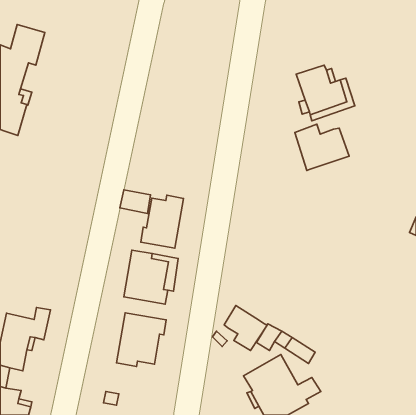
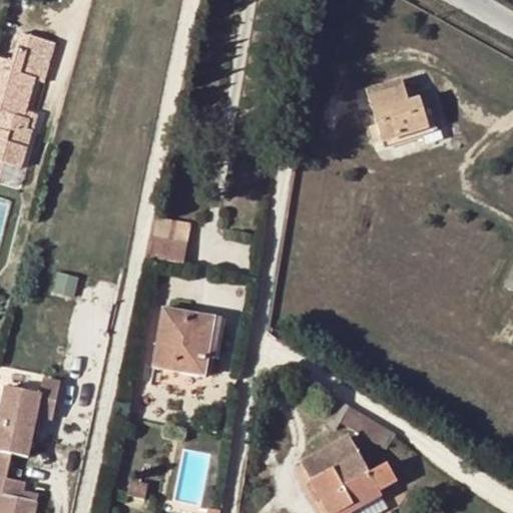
building: [295,124,349,170] -> none
building: [141,195,183,248] -> none
building: [224,306,267,350] -> none
building: [117,313,166,367] -> none

